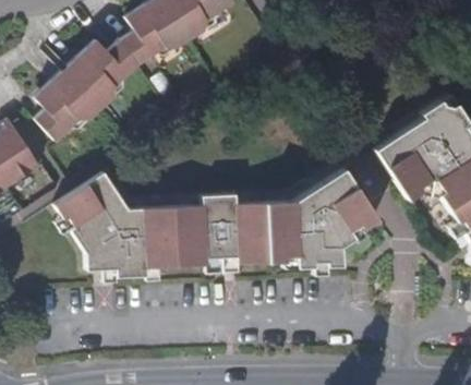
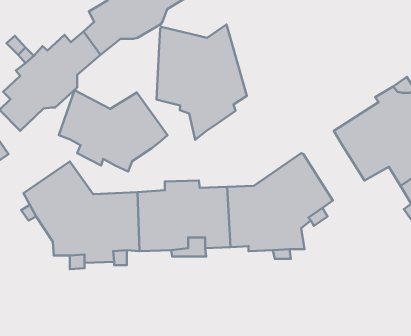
building: none -> [156,24,247,140]
building: none -> [59,90,168,171]

